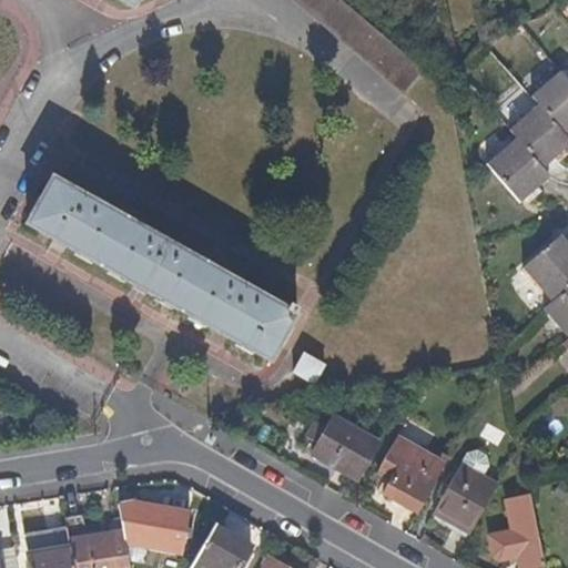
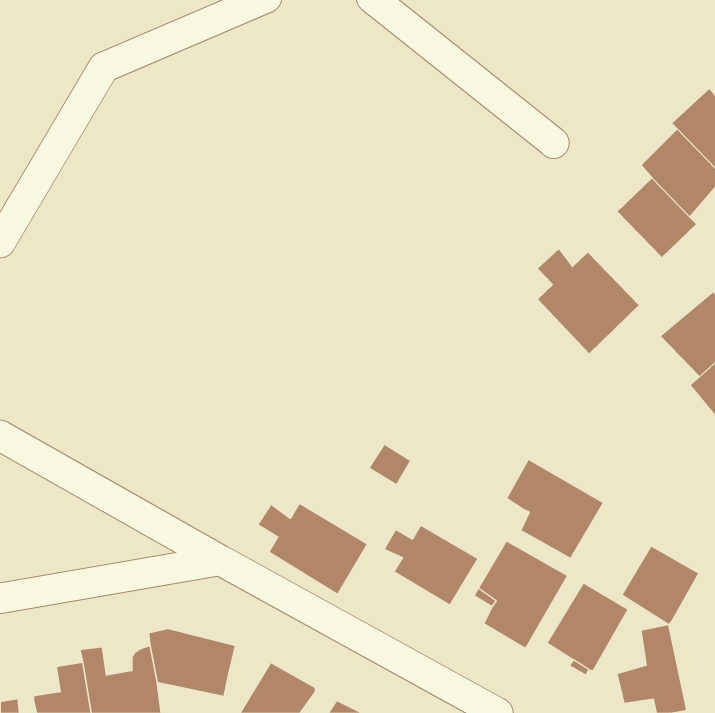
building: [29,179,293,356] -> none
building: none -> [537,248,639,354]
building: none -> [507,459,603,559]
building: none -> [258,503,367,594]
building: none -> [622,546,699,625]

